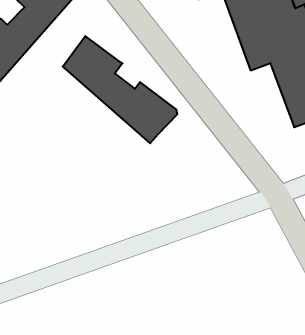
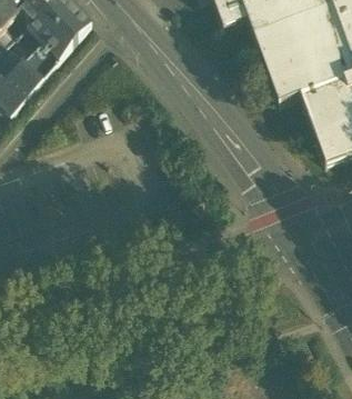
building: [63,36,177,143] -> none

